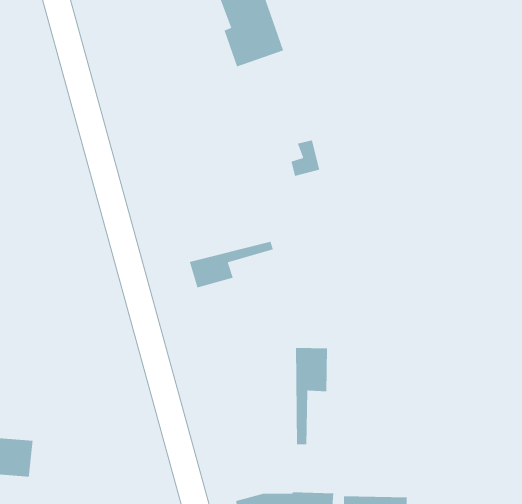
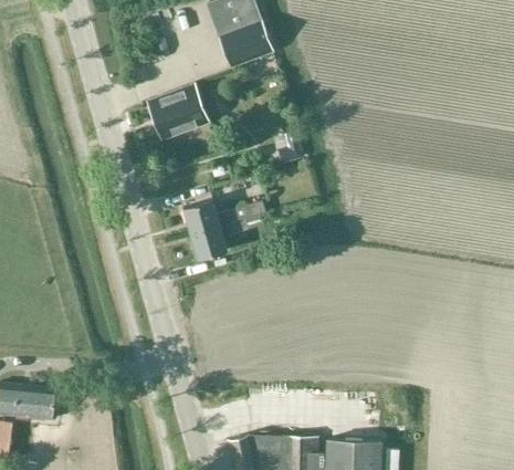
building: none -> [146,87,206,143]
building: none -> [182,200,265,237]
building: [295,347,328,445] -> none

